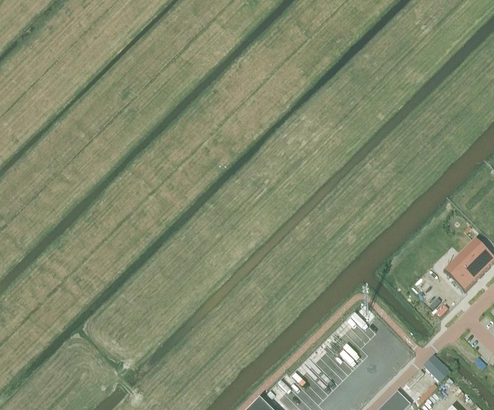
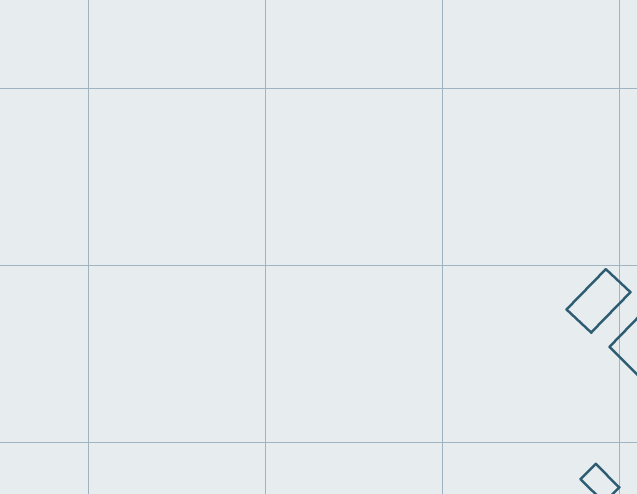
building: none -> [567,269,630,333]

